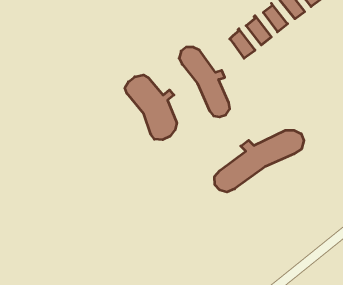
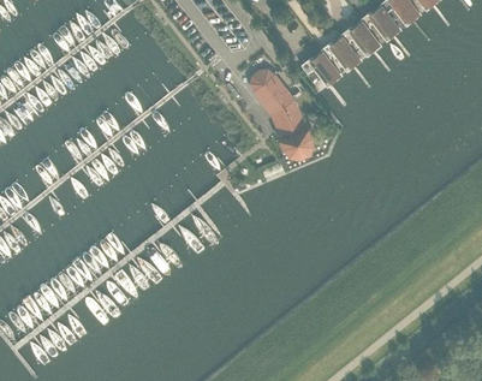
building: [125,75,177,140] -> none
building: [215,130,304,192] -> none

